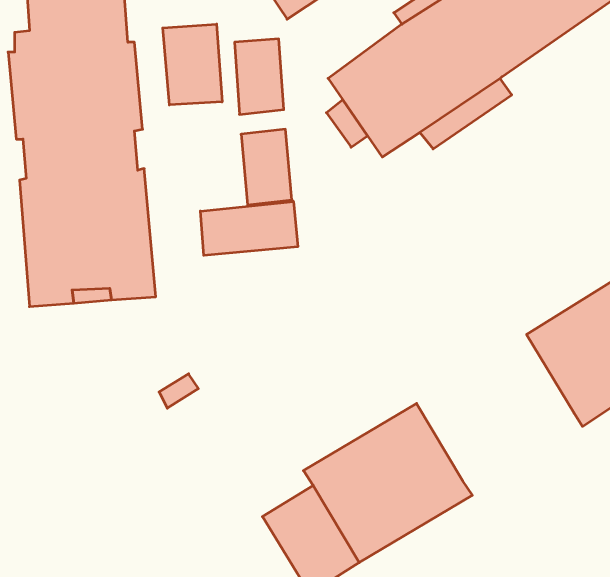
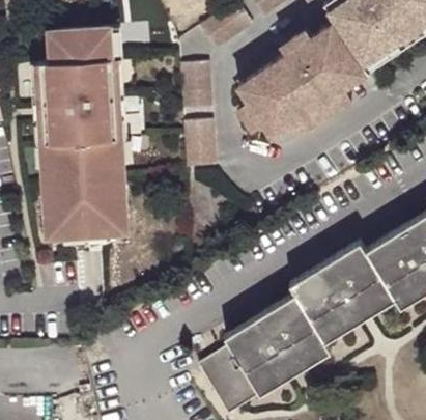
building: [163,24,222,105] -> none
building: [200,201,298,255] -> none
building: none -> [289,242,395,342]

